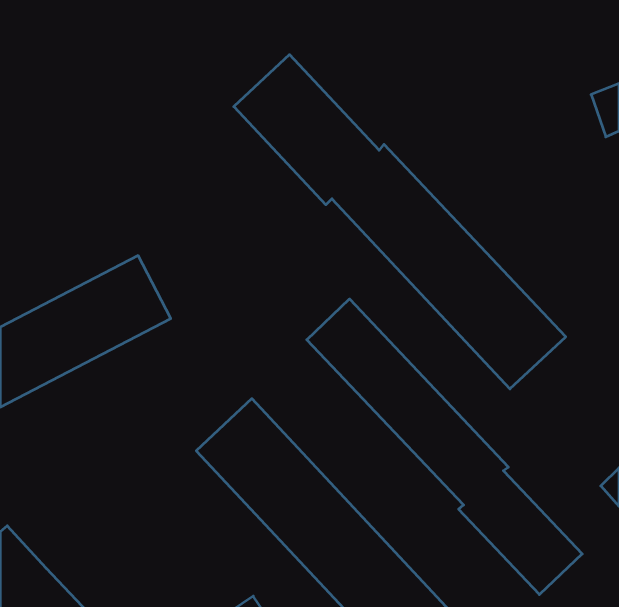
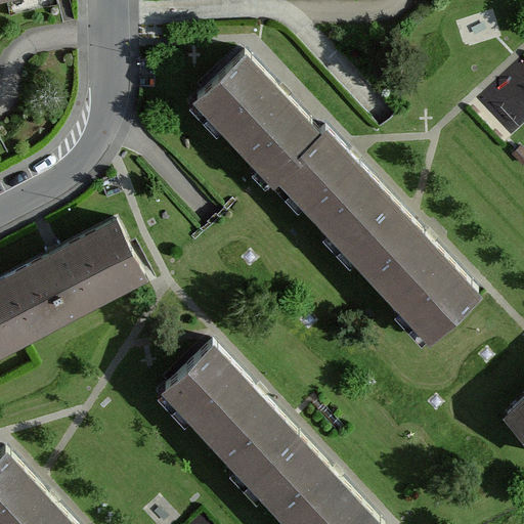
building: [307,299,582,595] -> none

